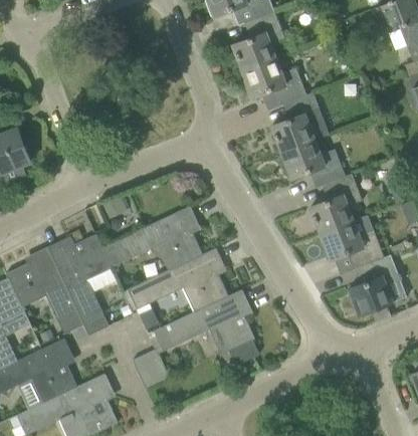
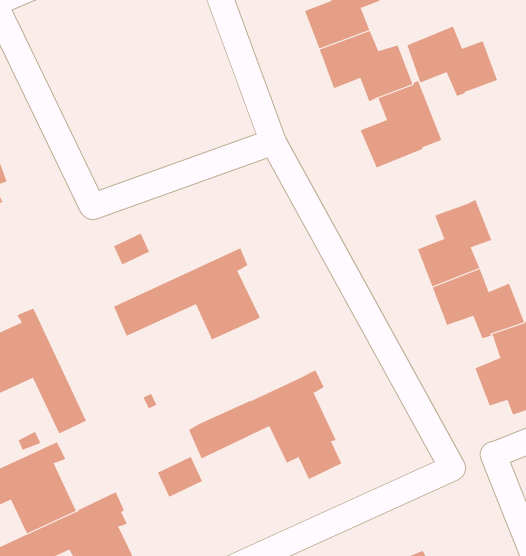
building: [281,140,344,188] -> [407,26,498,96]
building: [47,234,117,337] -> none
building: [128,248,228,311] -> none

